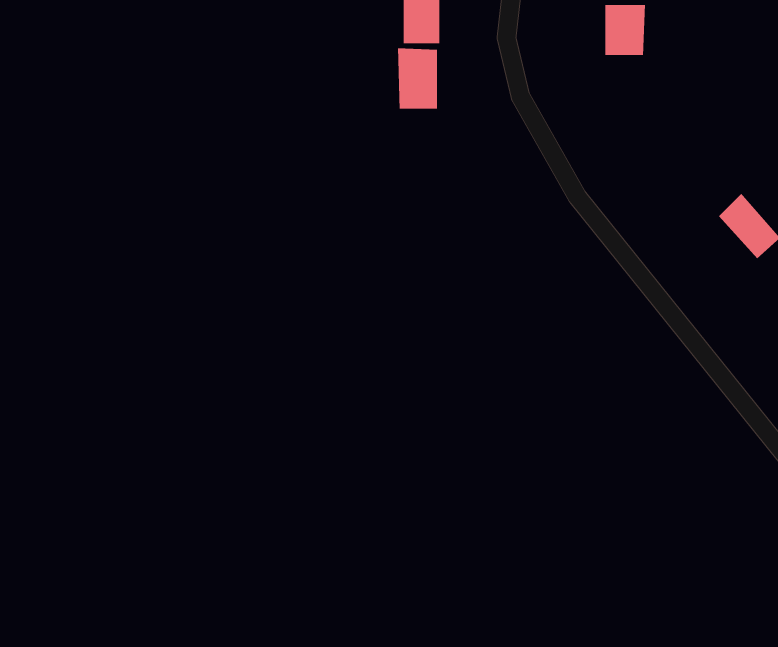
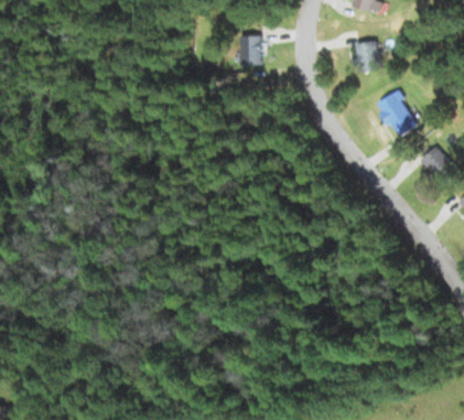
building: [397,48,438,109] -> none
building: none -> [376,91,419,139]

